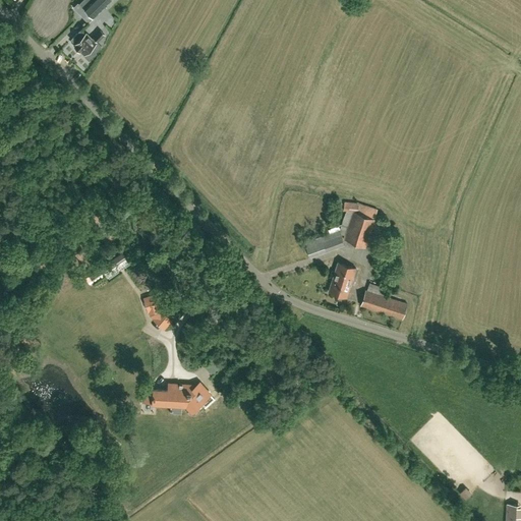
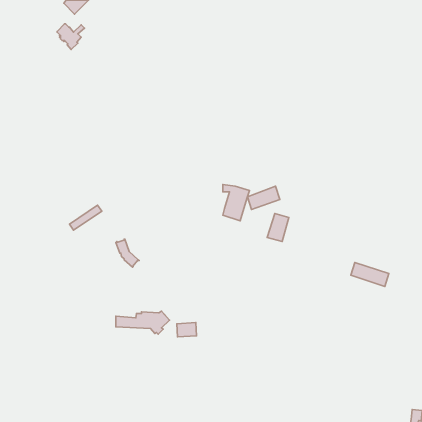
building: [343,202,375,247] -> [223,185,249,221]
building: [360,291,407,321] -> [351,263,389,287]
building: none -> [177,323,197,337]

